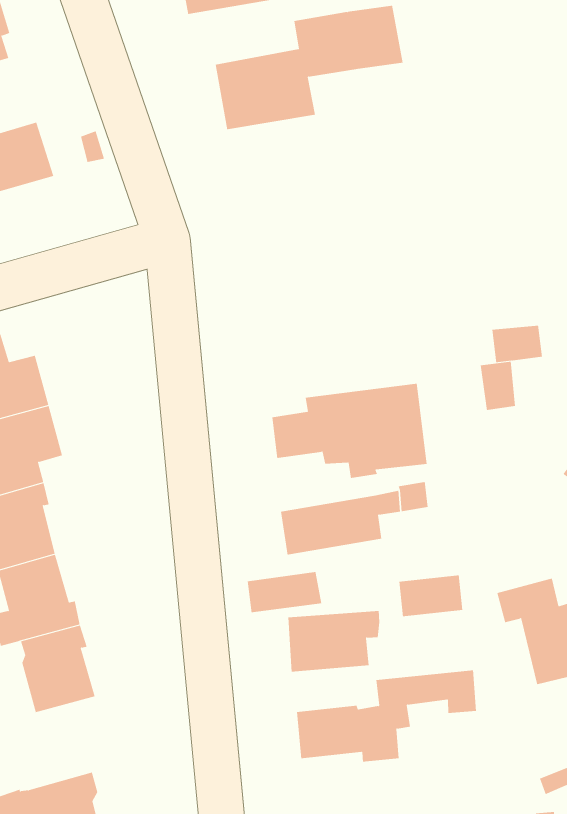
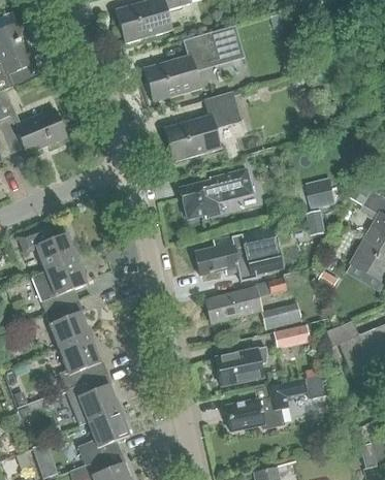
building: none -> [165,91,242,160]
building: none -> [181,166,254,219]
building: [247,572,322,613] -> [261,302,302,328]
building: none -> [78,410,130,465]

